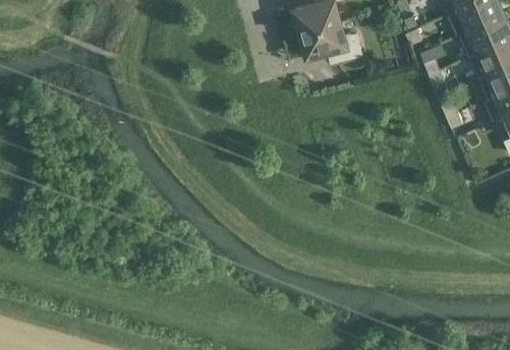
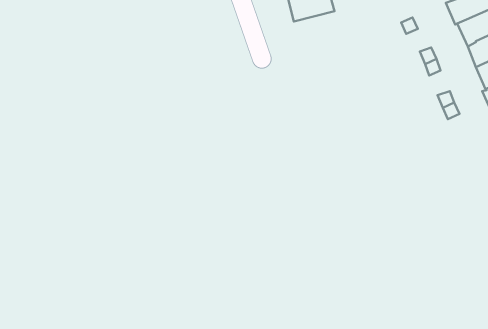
building: [299,21,360,60] -> none

